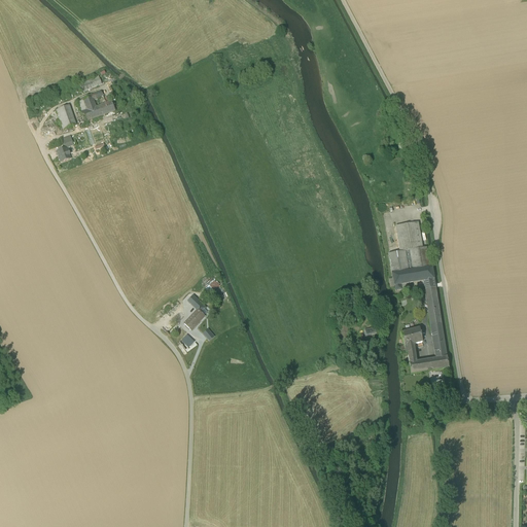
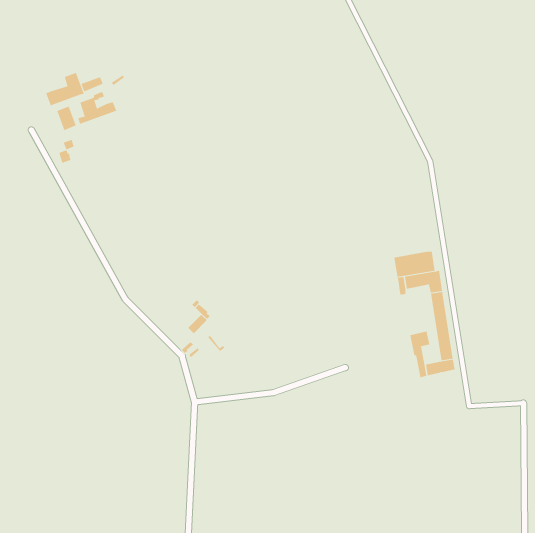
building: none -> [46,72,84,106]
building: [394,221,421,251] -> none

